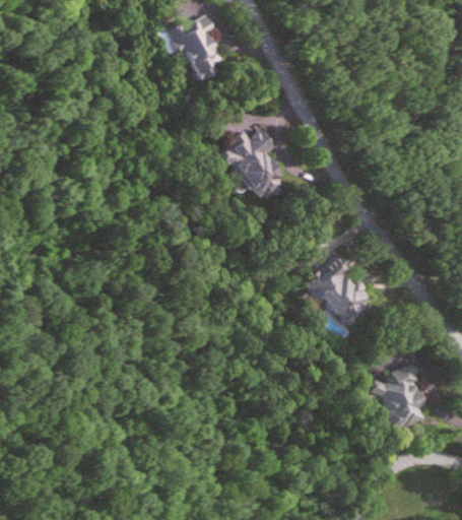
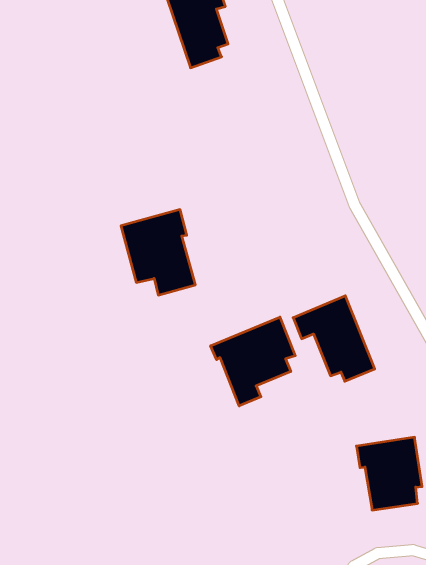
building: [218,128,285,200] -> [121,210,195,295]
building: none -> [211,317,295,406]

